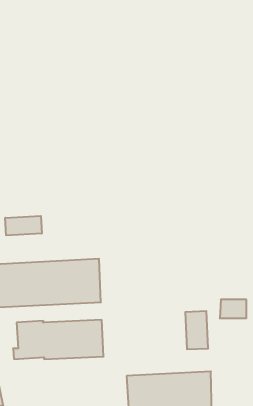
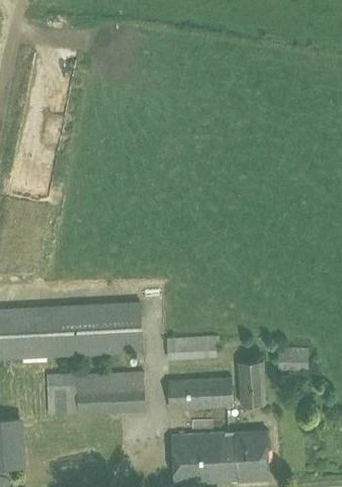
building: [5,216,42,235] -> none
building: none -> [166,336,217,360]
building: none -> [168,378,232,409]

